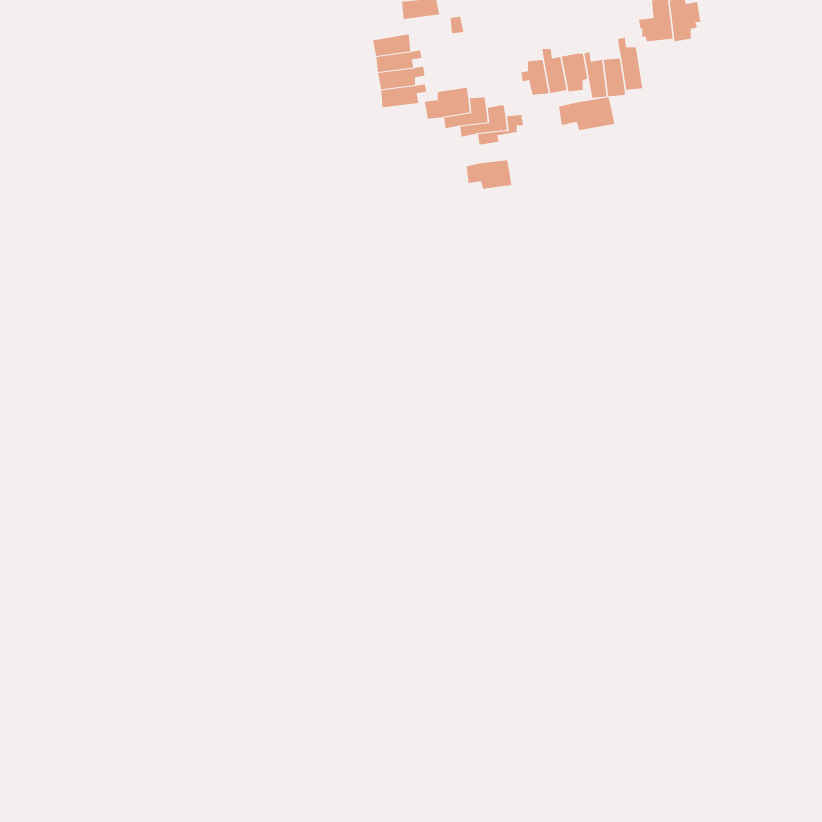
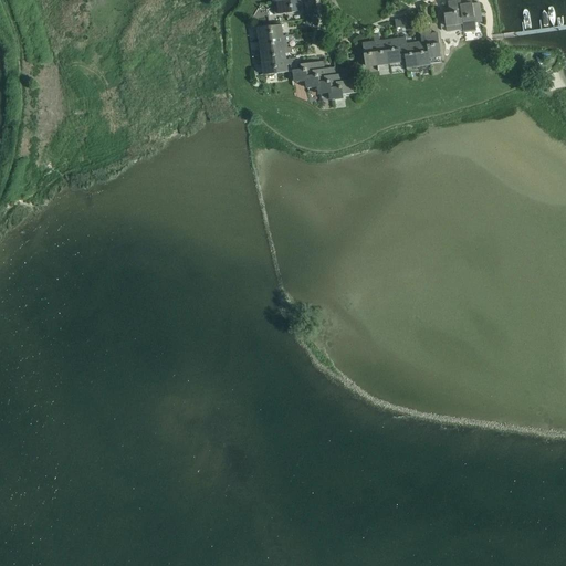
building: [558,97,615,131] -> none
building: [466,160,512,190] -> none

